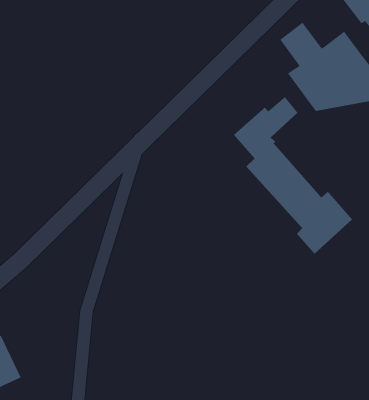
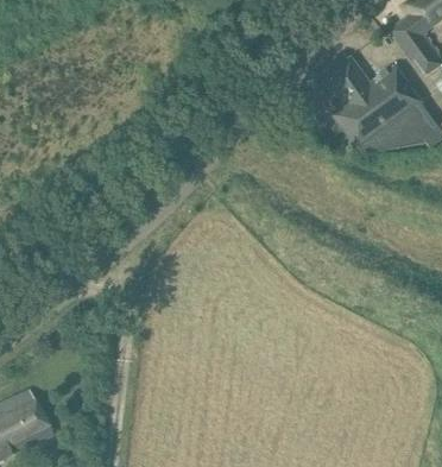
building: [233,96,353,254] -> none

